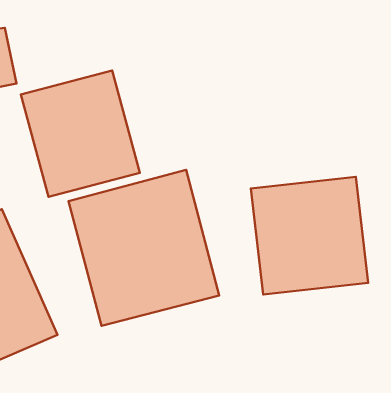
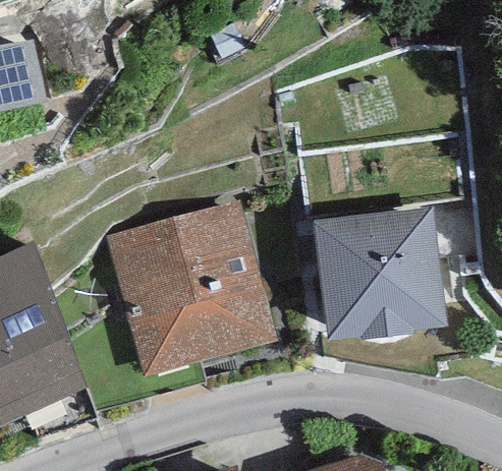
building: [21,70,140,197] -> none

